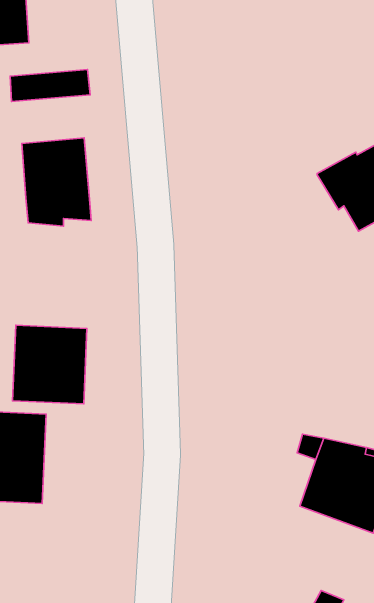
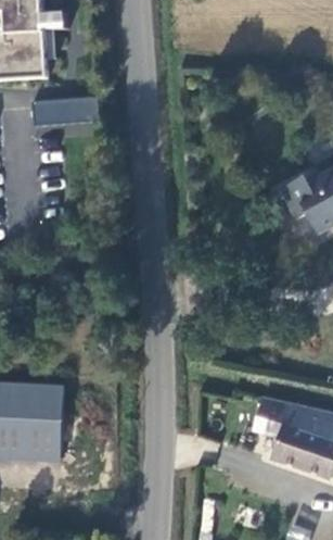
building: [22,138,91,226] -> none
building: [13,325,87,404] -> none

